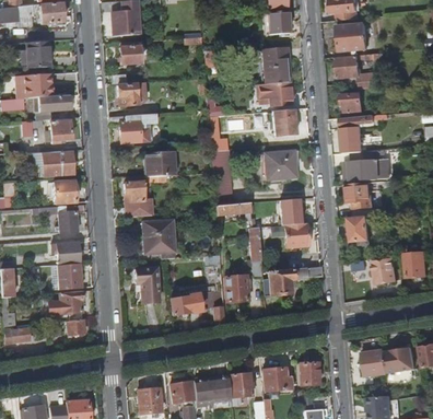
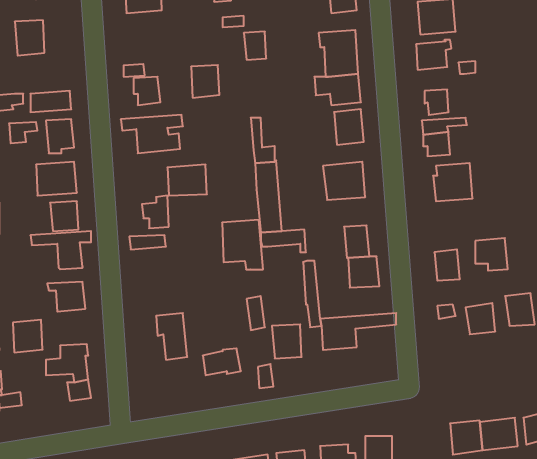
building: [119,40,141,66] -> [191,65,219,98]
building: [24,73,52,97] -> none
building: [349,183,374,208] -> [475,238,508,271]
building: [143,220,175,258] -> [222,220,263,269]
building: [59,264,82,289] -> [13,320,43,352]

